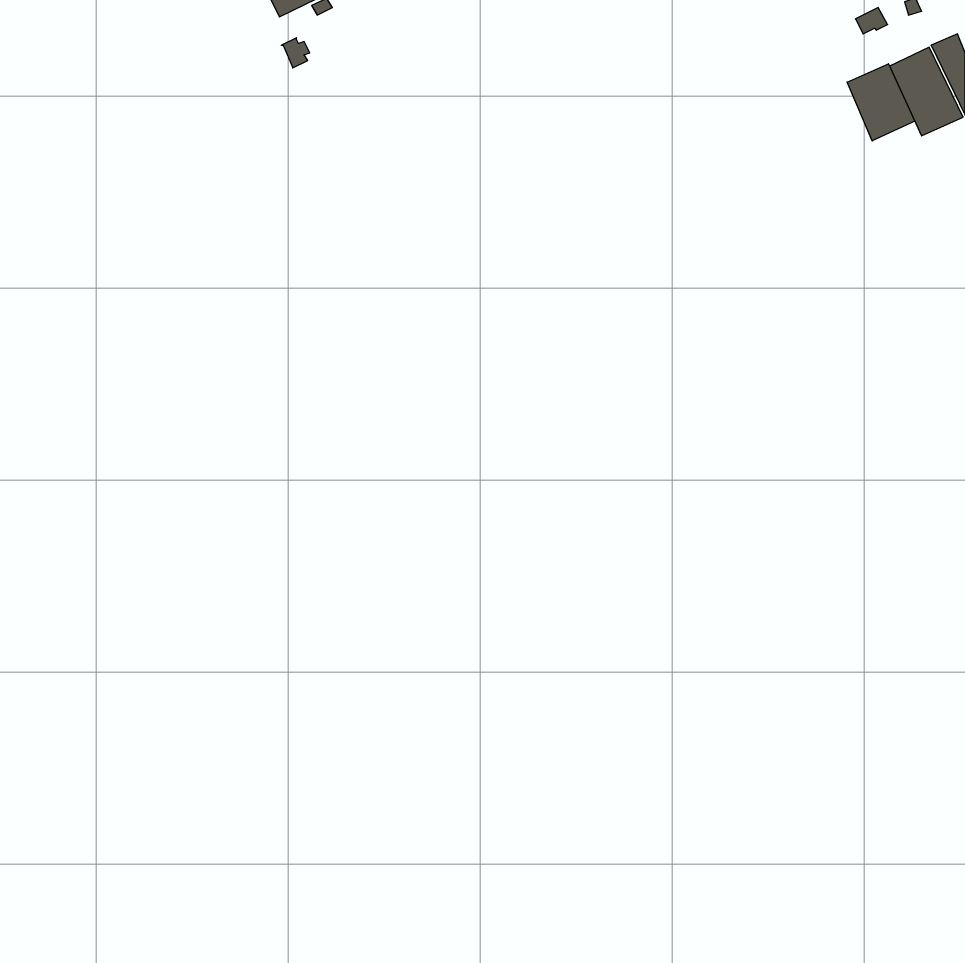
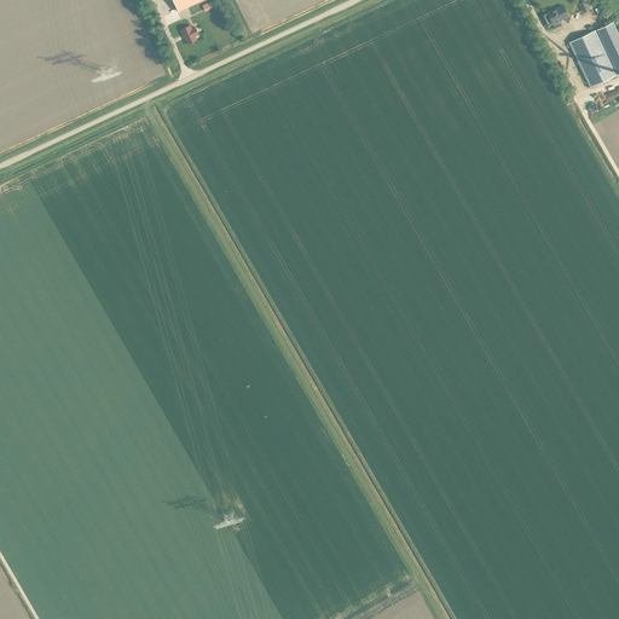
building: [847,64,915,141] -> none

